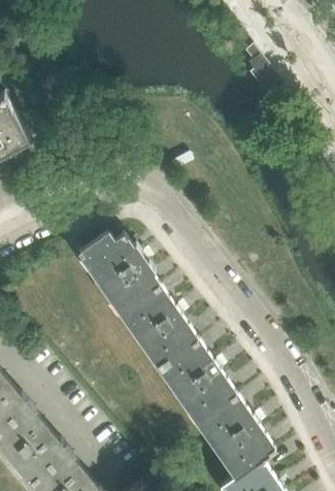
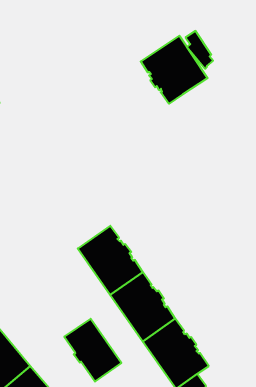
building: none -> [141,36,208,104]
building: [79,234,159,313] -> none
building: none -> [64,319,121,382]

